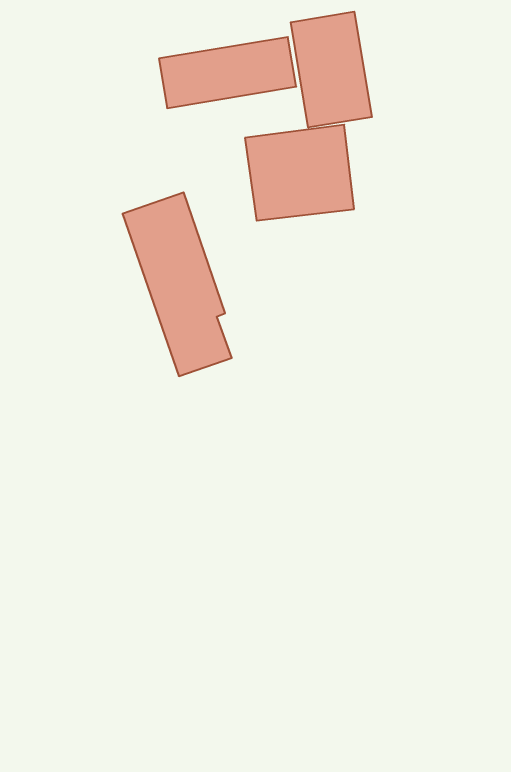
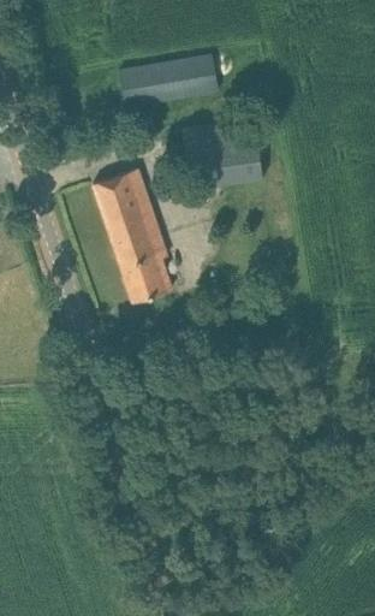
building: [291,12,372,128] -> none

